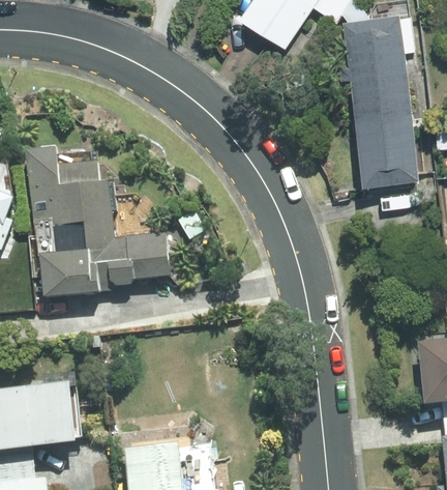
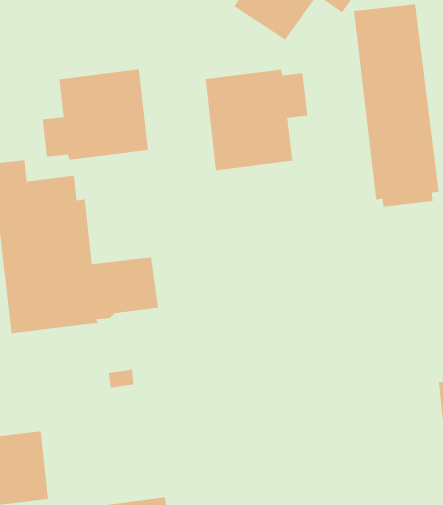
building: none -> [42,69,148,160]
building: none -> [205,69,308,171]

